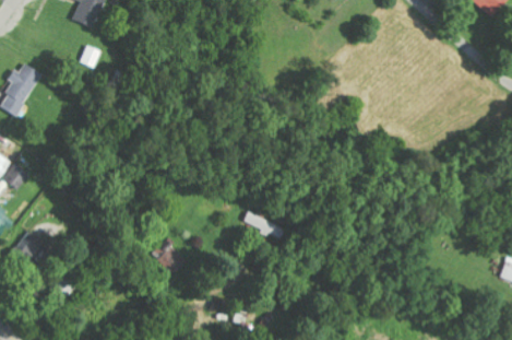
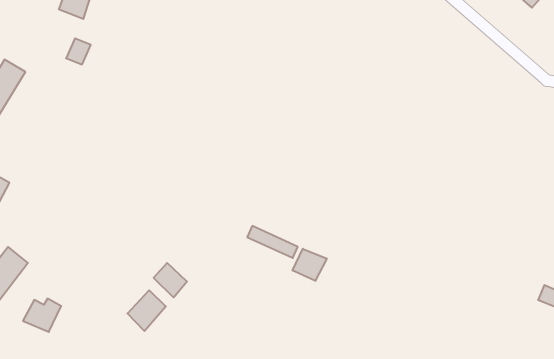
building: none -> [293,249,327,281]
building: none -> [127,290,166,331]

